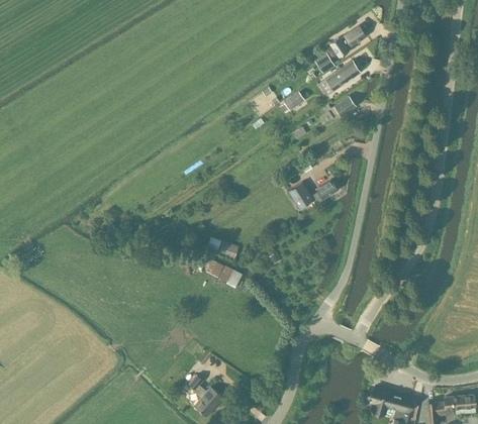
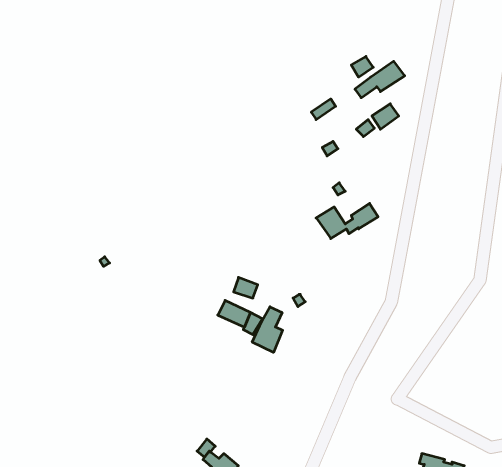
building: [330,25,367,58] -> none
building: none -> [252,307,283,352]

